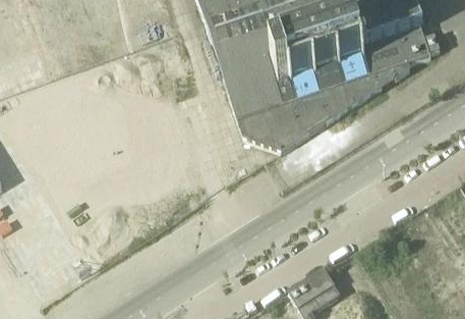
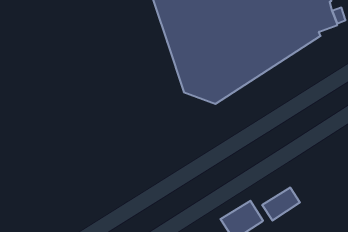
building: none -> [262,187,300,221]

